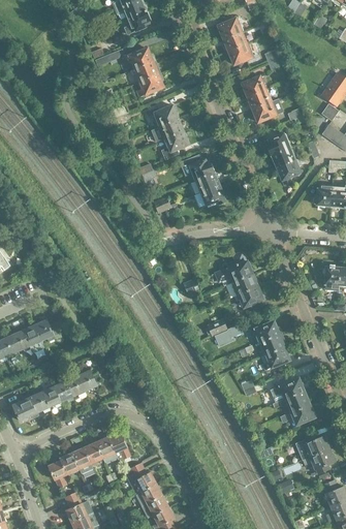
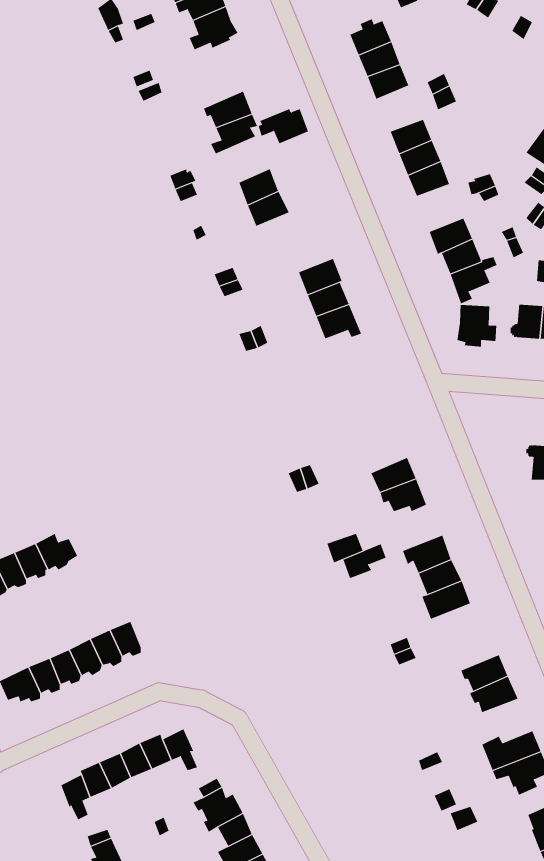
building: [122,49,152,70] -> [258,108,309,145]
building: [161,131,188,159] -> none
building: none -> [457,304,497,348]
building: [215,252,252,286] -> none
building: [275,376,306,402] -> none

